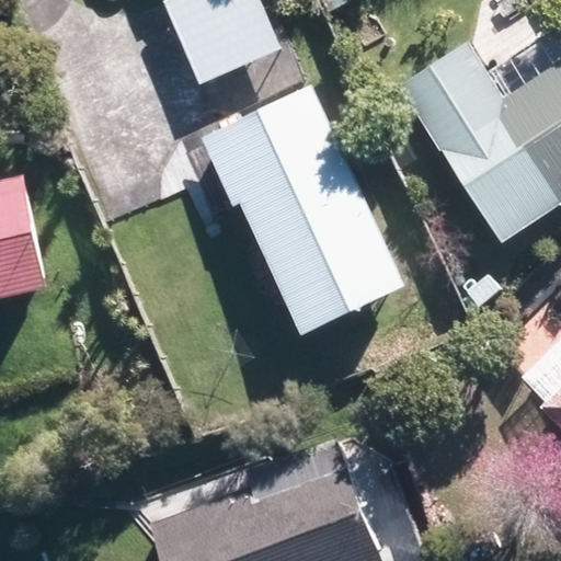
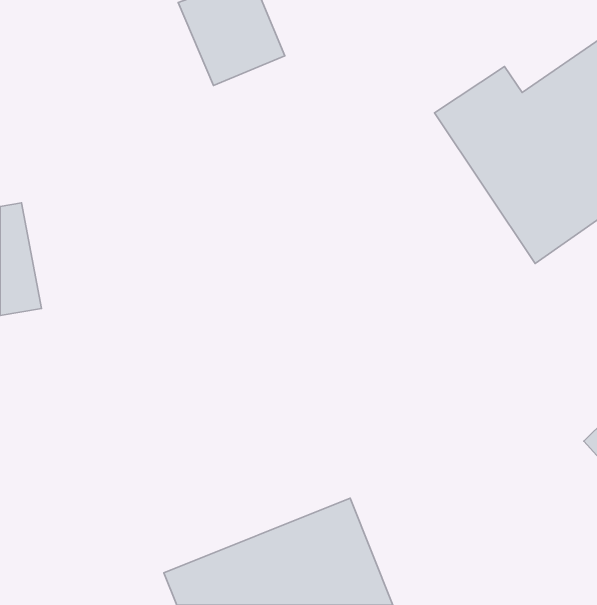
building: [207,99,393,328] -> none

